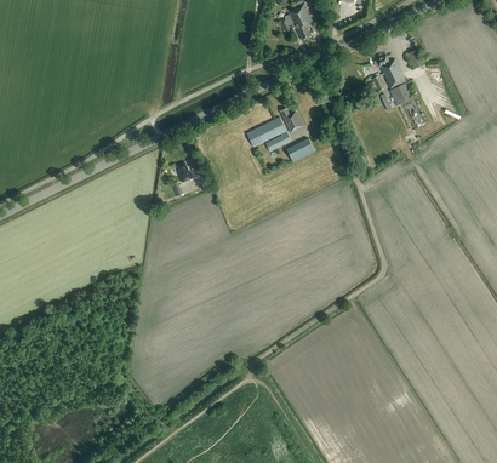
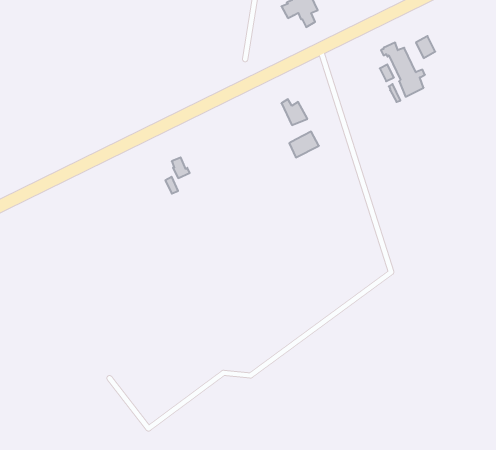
building: [247,116,291,150] -> none

